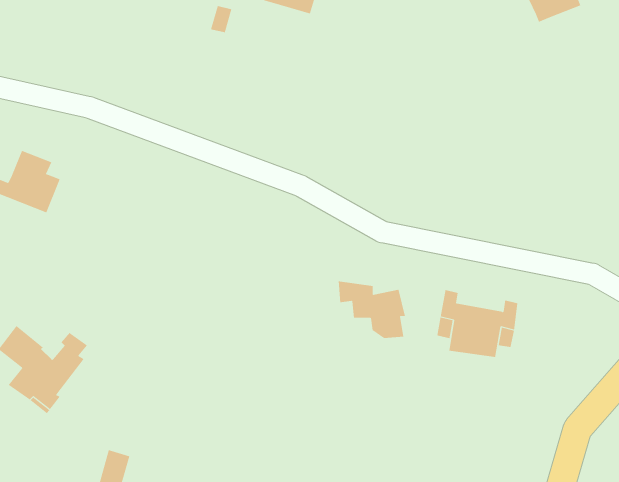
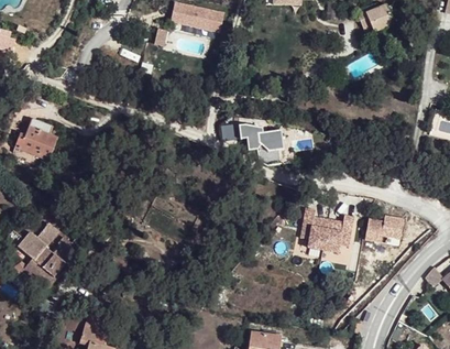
building: [338,281,406,339] -> [238,126,282,163]
building: none -> [364,215,405,246]

